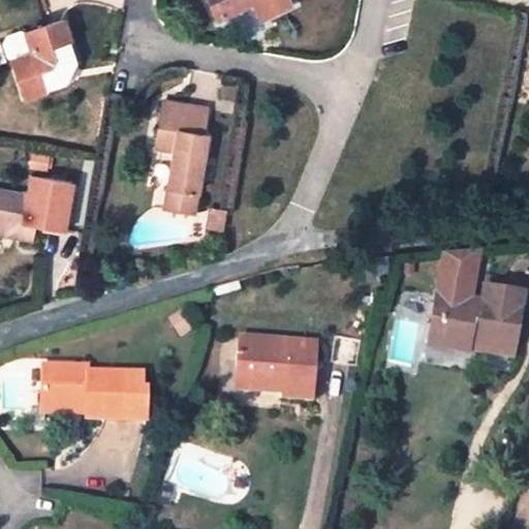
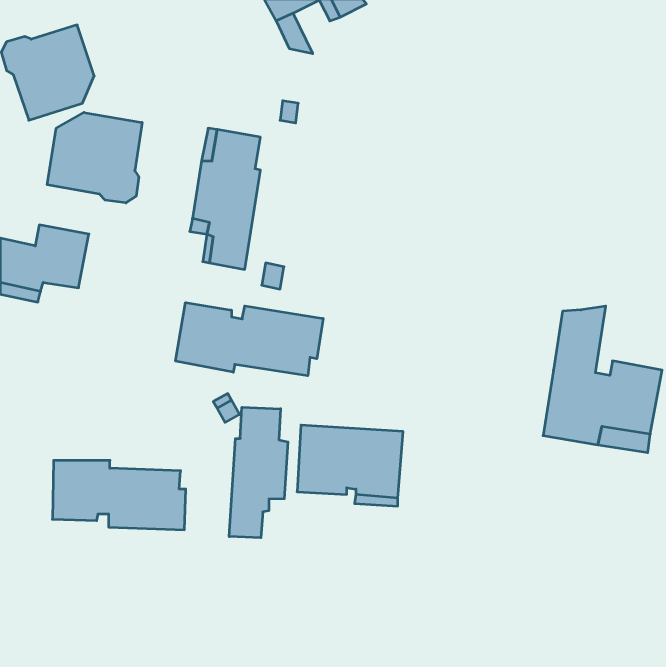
building: none -> [47,112,142,203]
building: none -> [176,303,323,376]
building: none -> [229,407,288,538]

